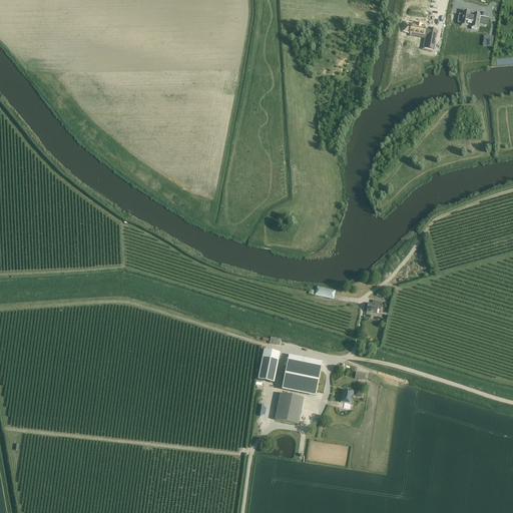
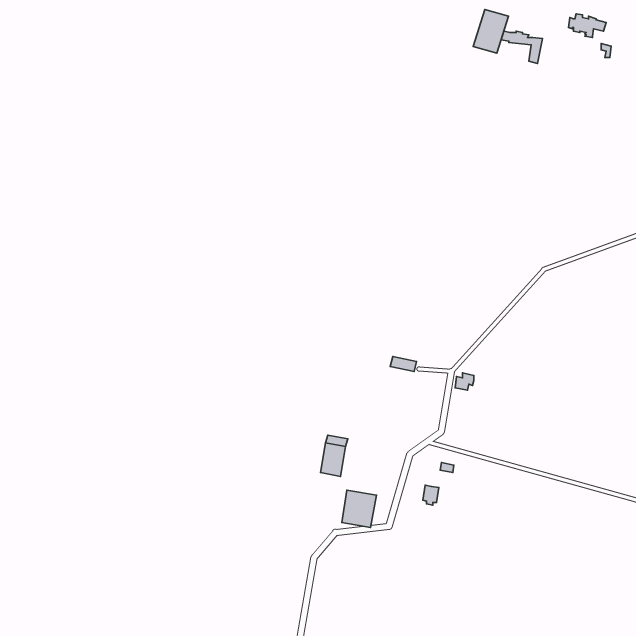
building: none -> [473,9,508,53]
building: [282,355,322,392] -> none

